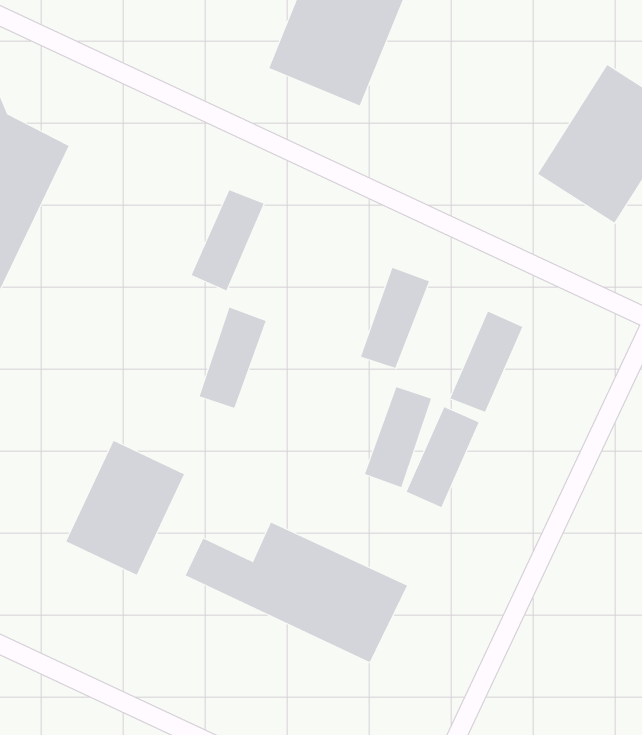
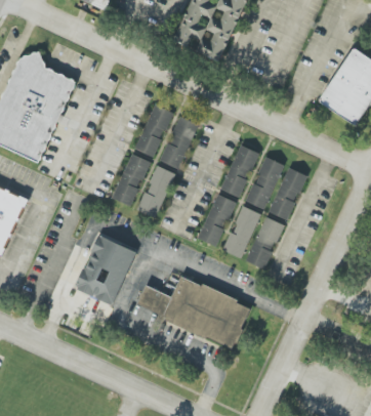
building: none -> [162,116,200,169]
building: none -> [114,154,151,206]
building: none -> [249,157,284,209]
building: none -> [199,194,237,246]

